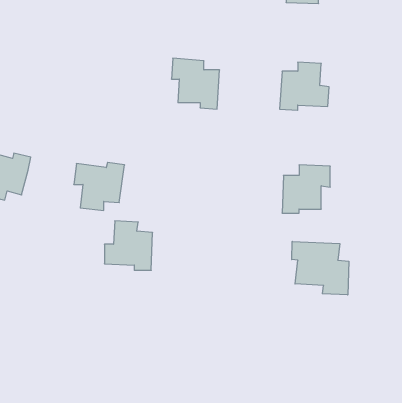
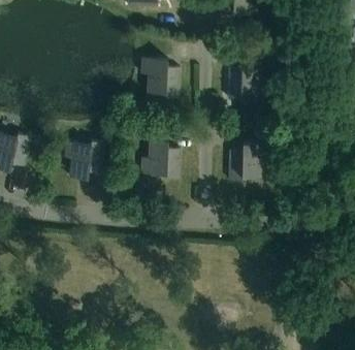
building: [104,221,153,270] -> [141,139,180,179]
building: [292,241,349,295] -> none

